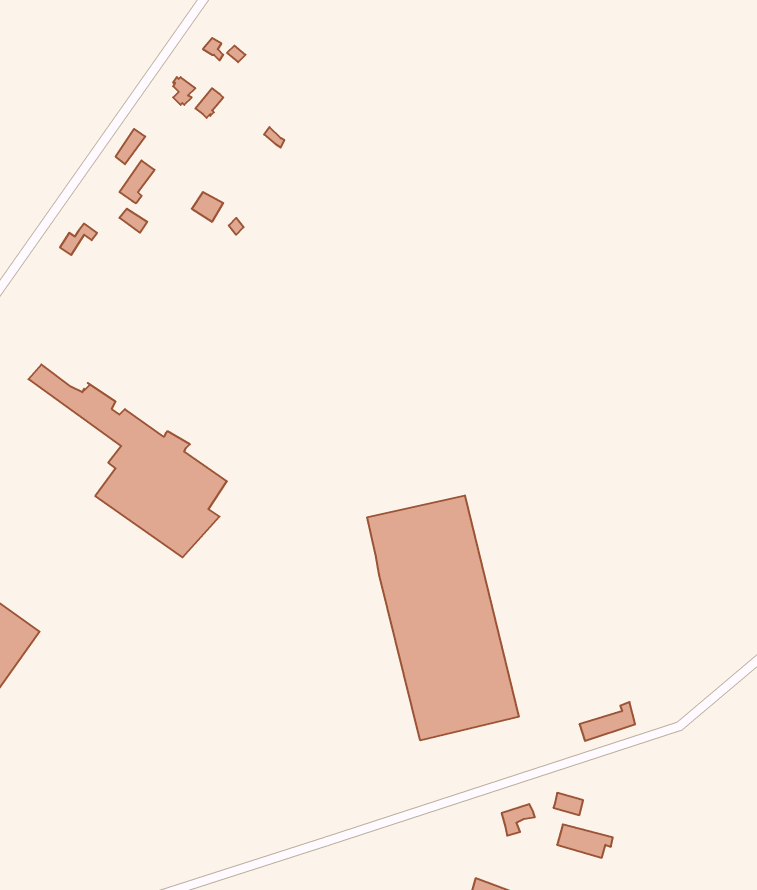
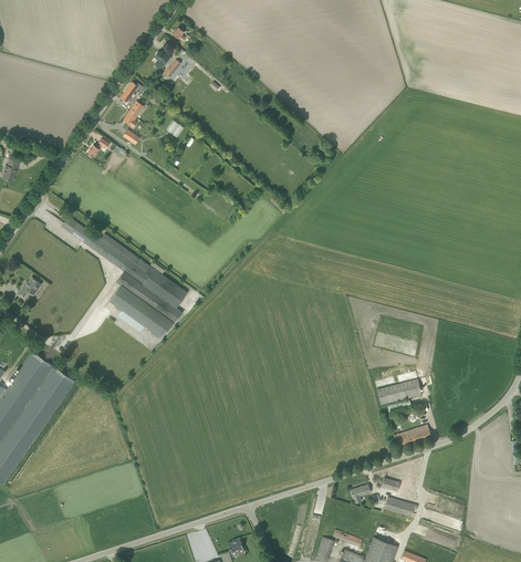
building: [367,495,519,740] -> none
building: none -> [376,379,420,405]

